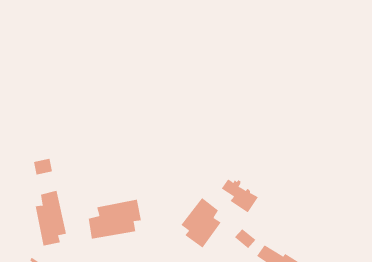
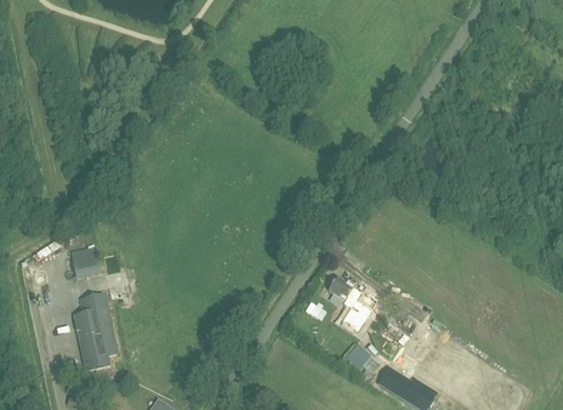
building: [180,197,221,248] -> none
building: [88,199,142,239] -> none

